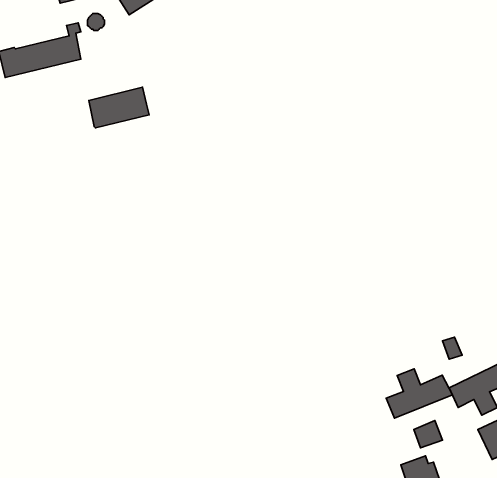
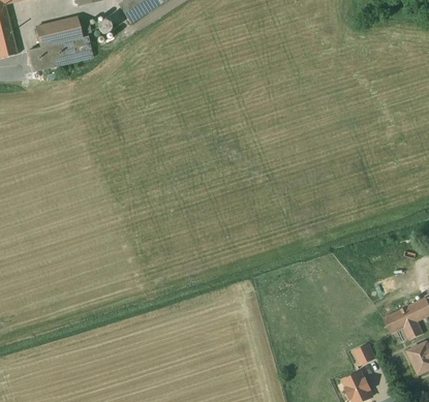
building: [89,87,149,128] -> [35,16,83,48]
building: [386,369,452,418] -> none

